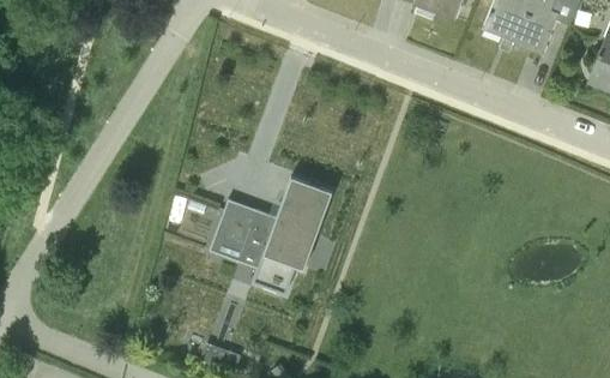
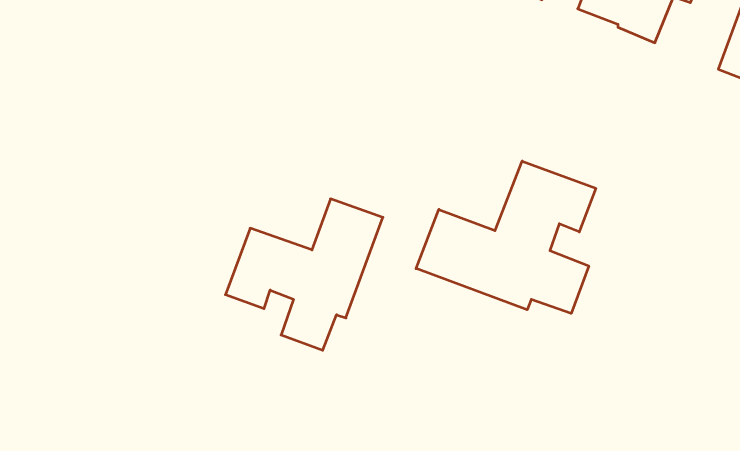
building: none -> [416,161,596,313]

